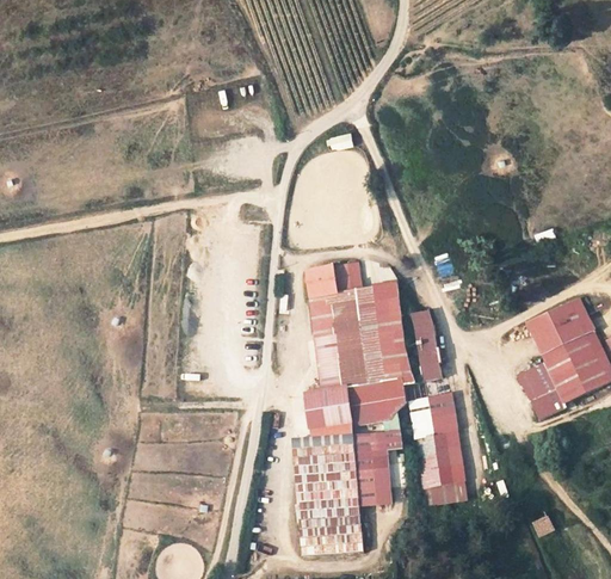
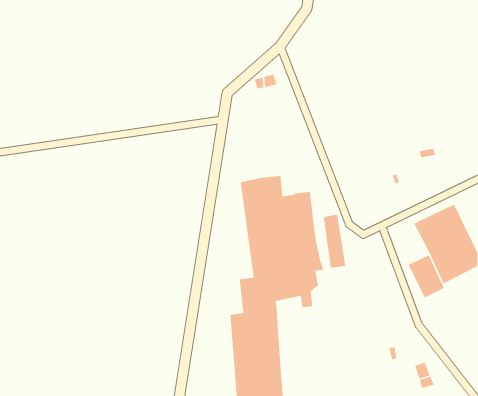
building: [408,394,468,505] -> none
building: [354,430,401,504] -> none

